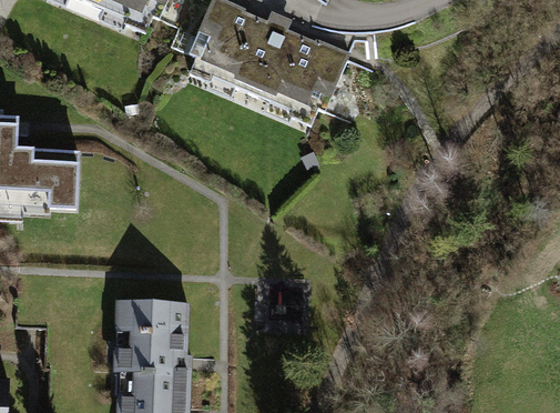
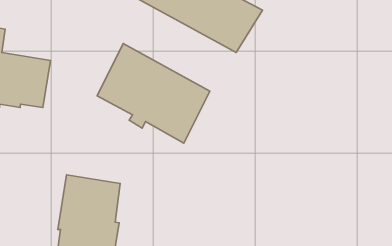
building: none -> [97,44,210,143]

